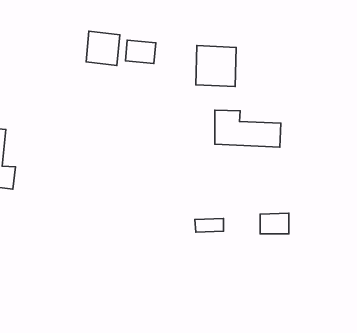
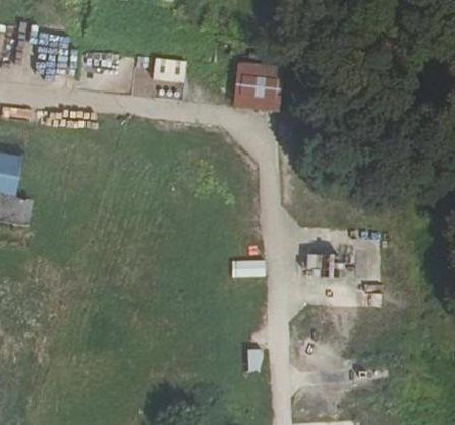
building: [86,31,120,66] -> none
building: [215,110,281,147] -> none

